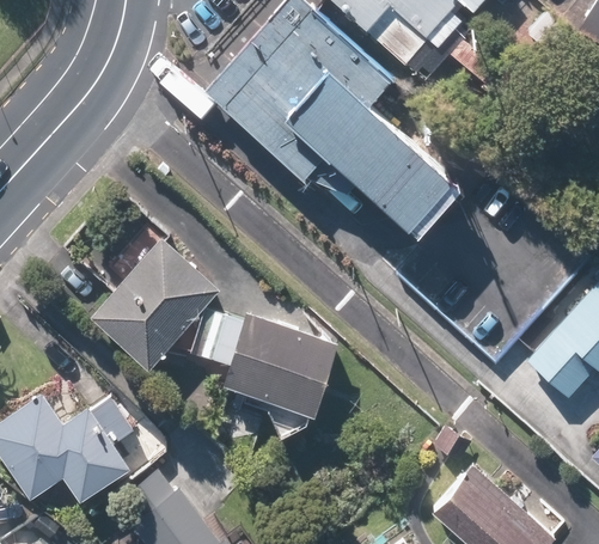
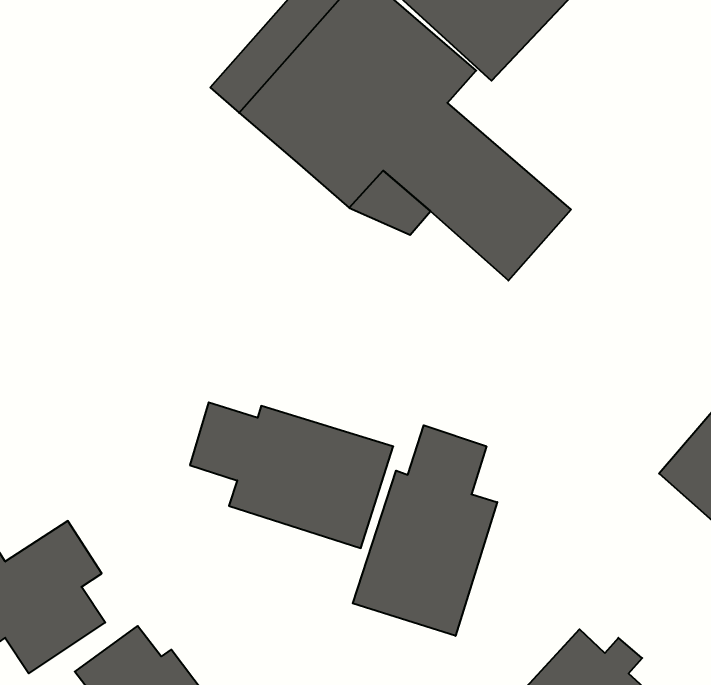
building: [87,240,219,373] -> none
building: none -> [353,425,497,636]

